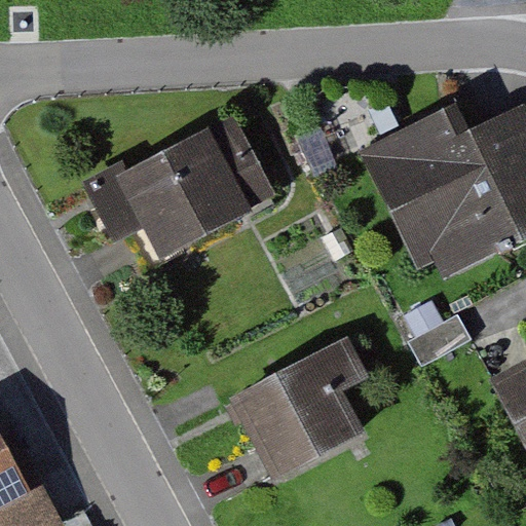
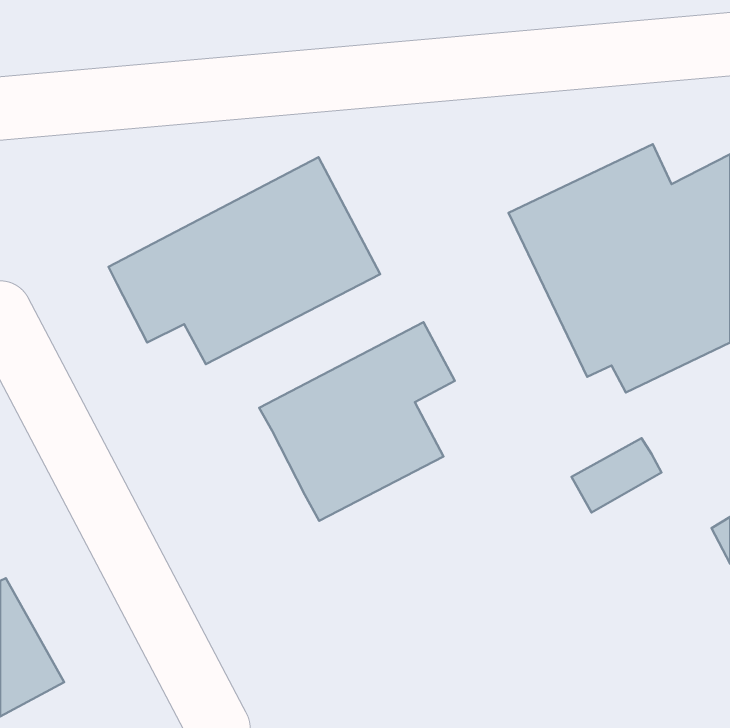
building: [222,337,363,480] -> [259,322,455,521]

